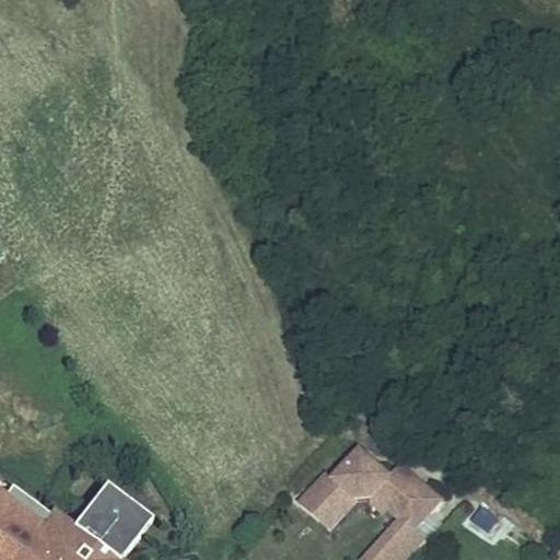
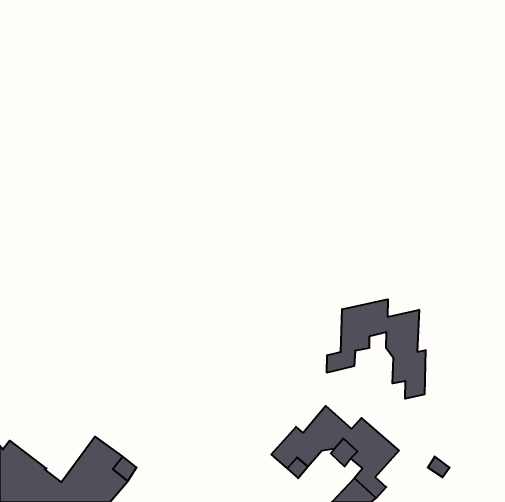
building: none -> [327,299,426,399]

